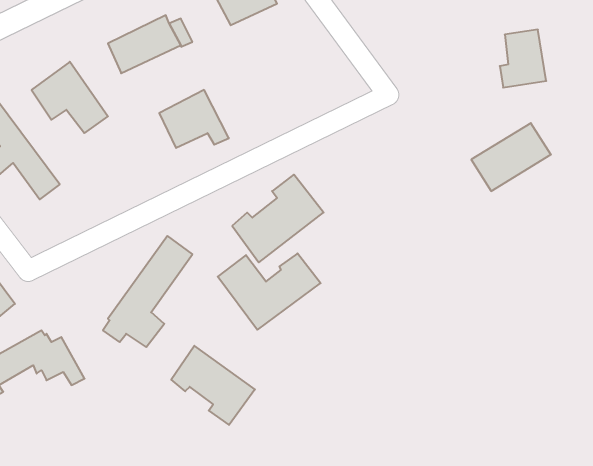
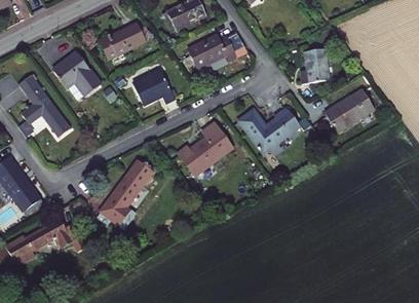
building: [500,30,546,88] -> [300,47,329,83]
building: none -> [187,35,236,68]
building: [218,253,321,330] -> [236,107,300,154]
building: [171,346,255,425] -> none

